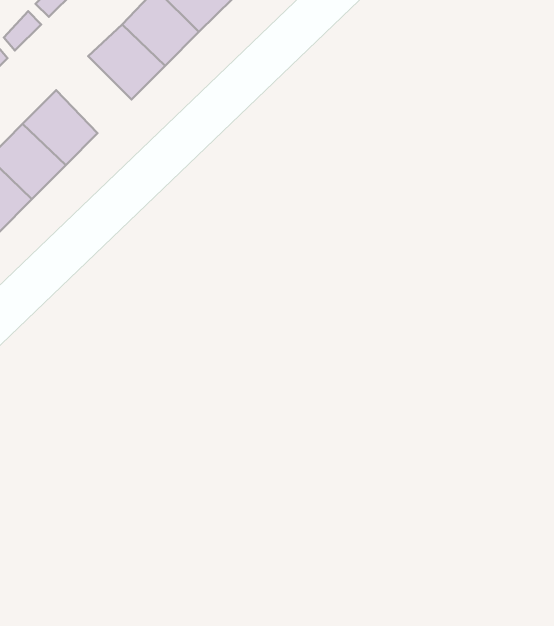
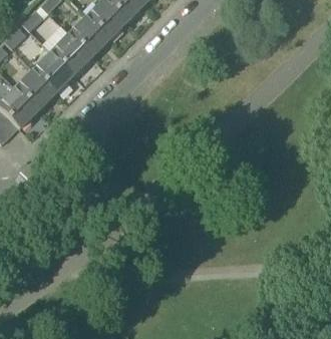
building: none -> [50,34,90,75]

